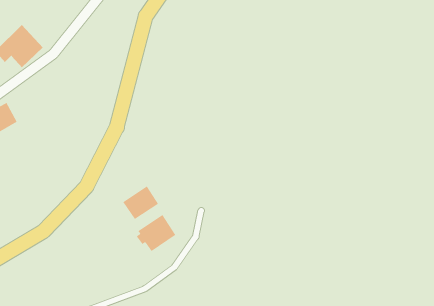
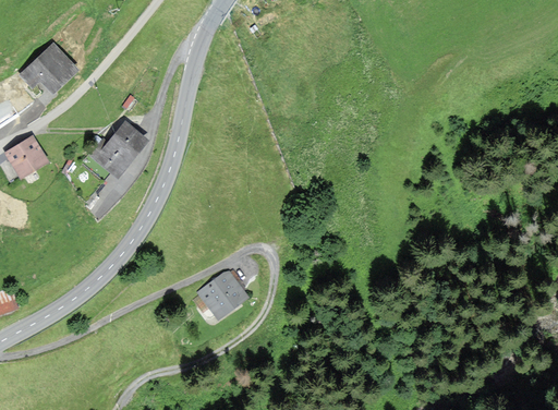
building: none -> [89,121,148,178]
building: [123,185,159,220] -> none

